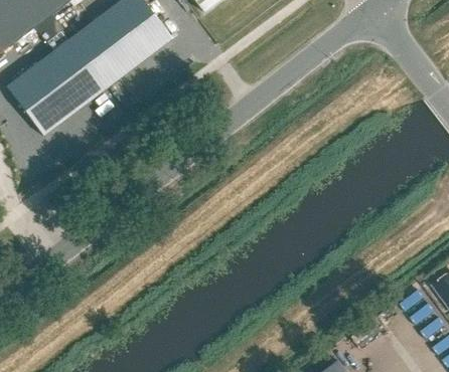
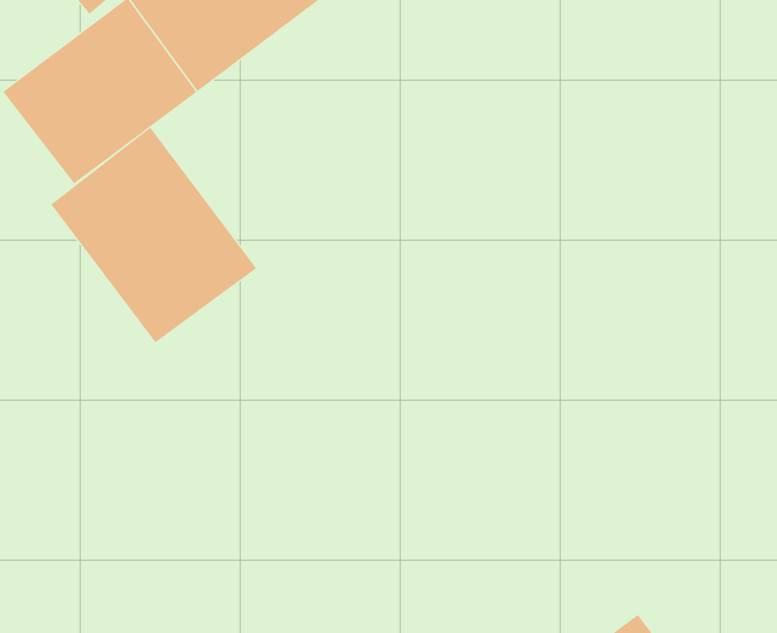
building: none -> [50,127,257,343]

